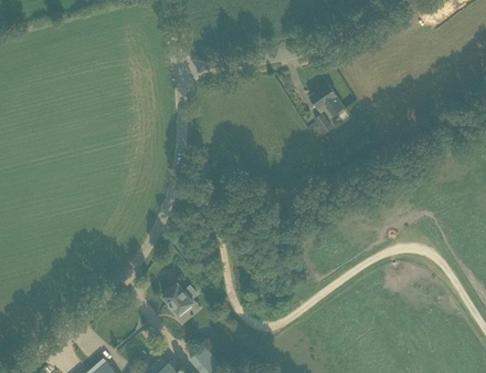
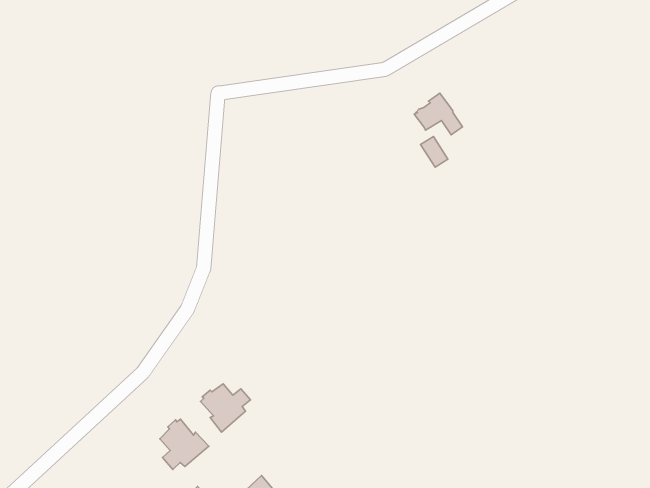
building: none -> [160,419,209,469]

